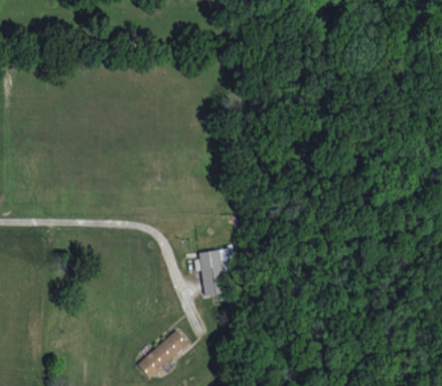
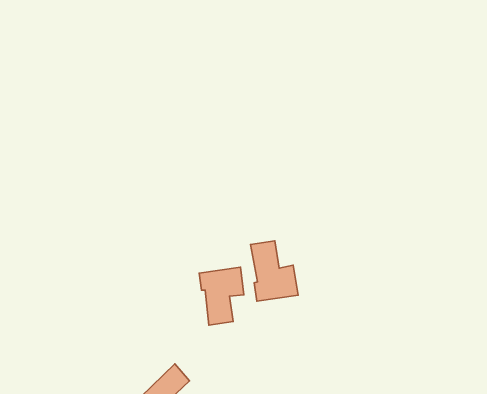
building: none -> [251,241,298,301]

